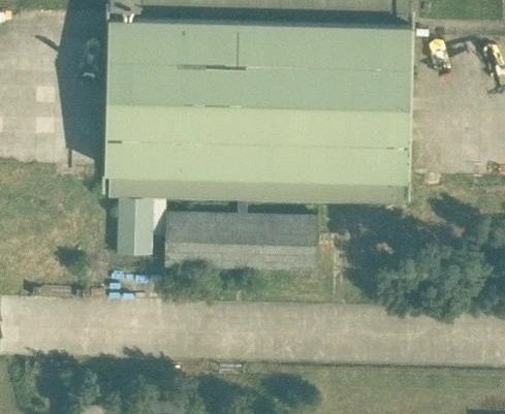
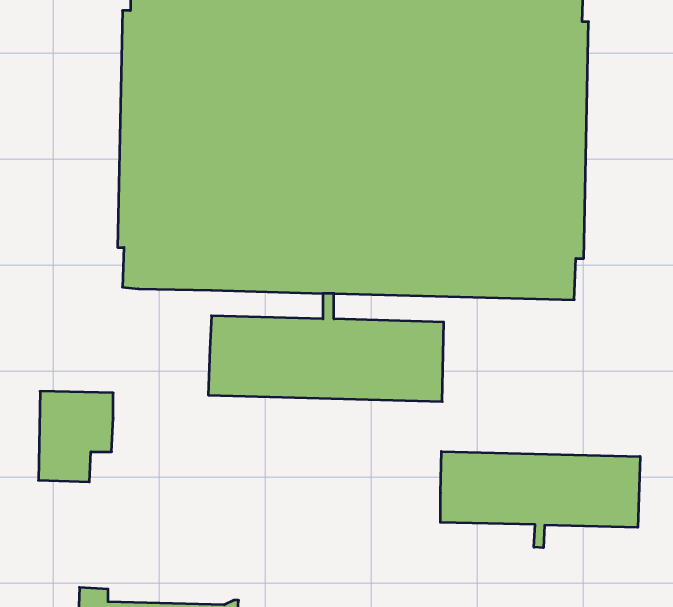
building: [118,194,166,253] -> [38,391,113,482]
building: none -> [440,451,640,548]

